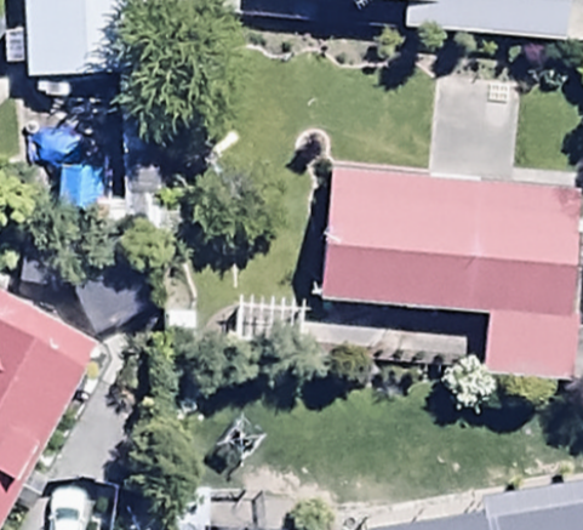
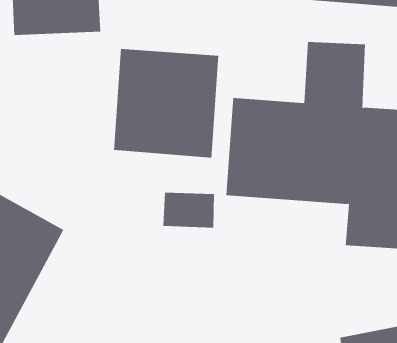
building: none -> [113,48,219,158]

